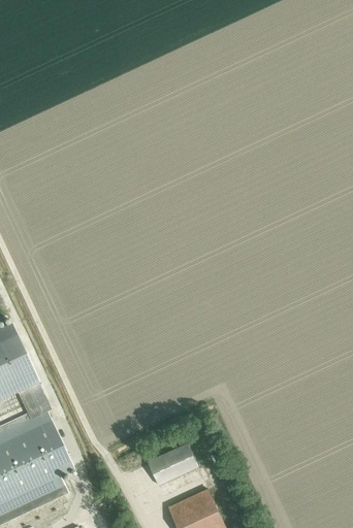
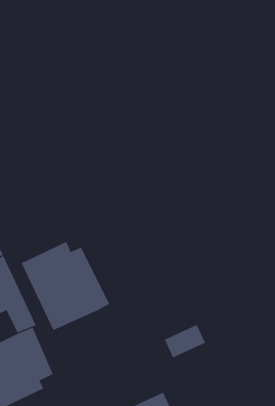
building: none -> [21,241,110,331]
building: [147,444,197,486] -> [164,324,206,358]

